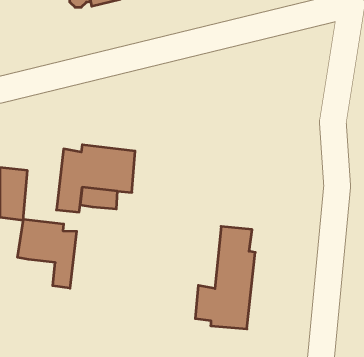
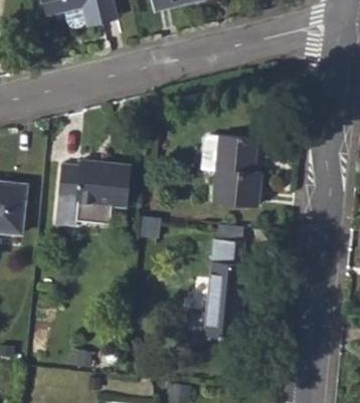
building: none -> [202,134,262,207]
building: [18,219,77,288] -> none

